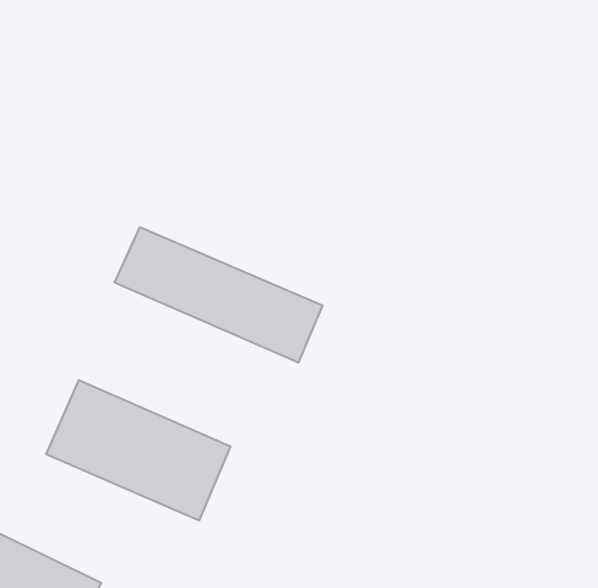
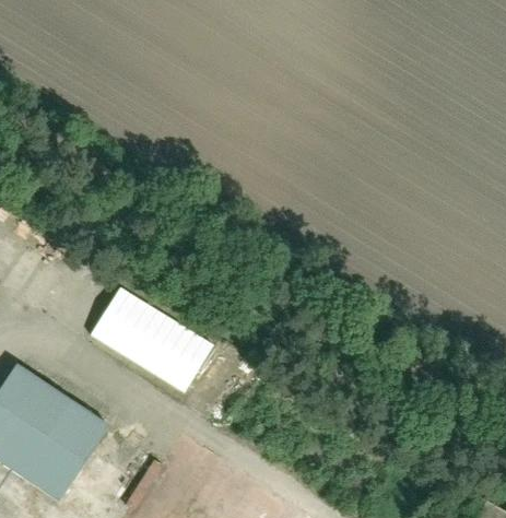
building: [114,227,322,362] -> none

